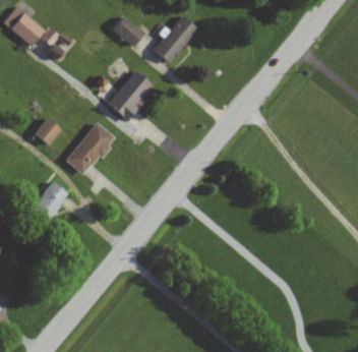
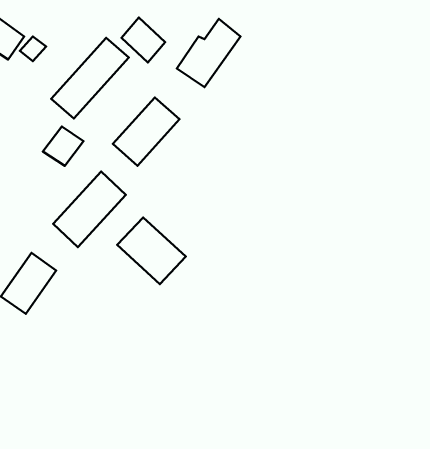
building: none -> [51,38,129,118]
building: [34,117,62,144] -> [43,127,84,166]
building: none -> [117,217,186,284]

